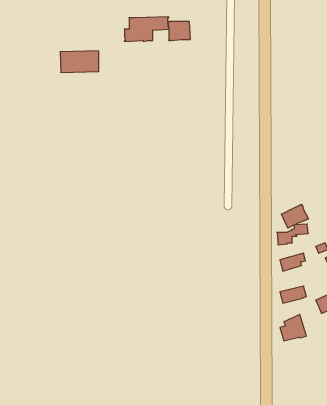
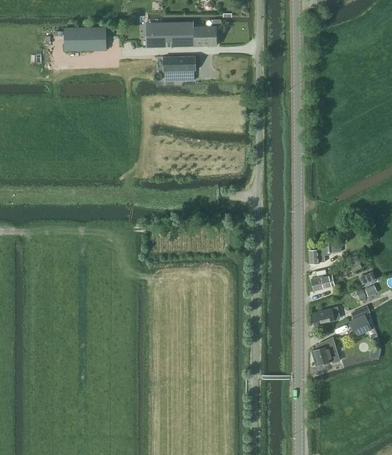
building: none -> [162,56,195,80]
building: [60,51,99,73] -> [64,27,105,50]
building: [281,204,308,228] -> none

